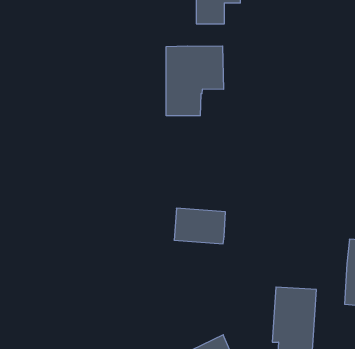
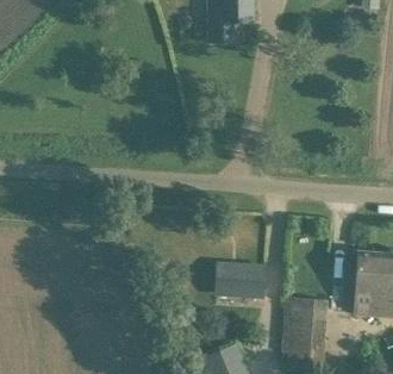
building: [166,46,224,116] -> none
building: [174,208,225,244] -> [217,264,267,299]

